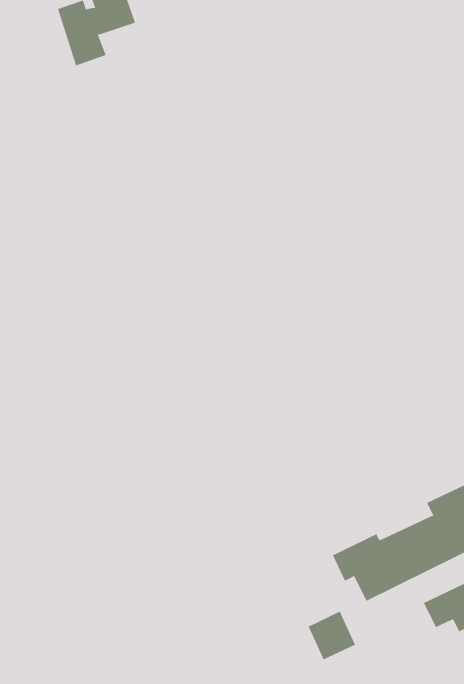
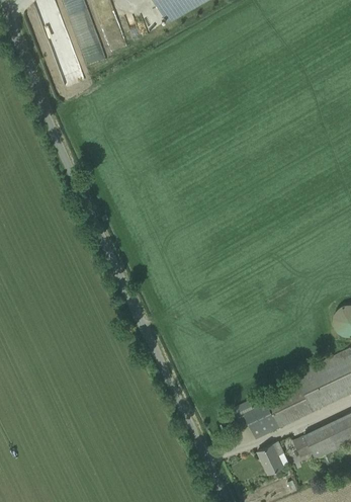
building: [308,611,356,660] -> [258,441,289,474]

